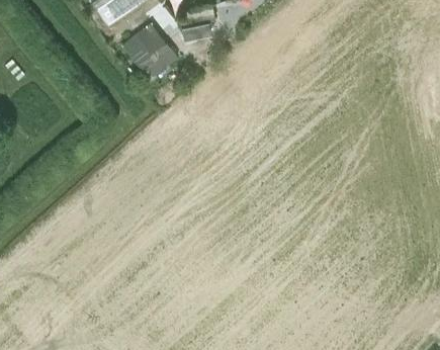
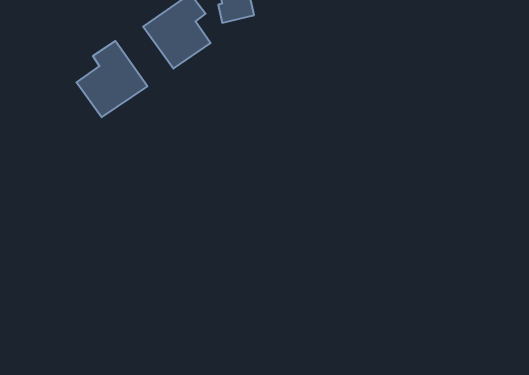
building: none -> [76,41,147,117]

